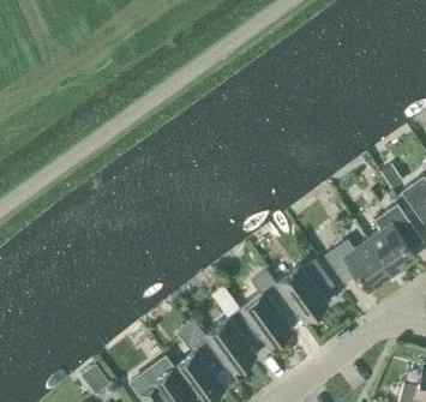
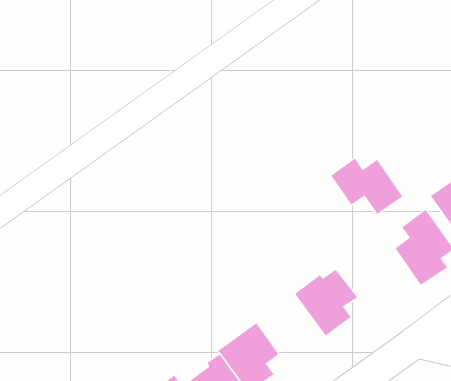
building: [324,239,391,292] -> [330,157,403,215]
building: [240,286,296,348] -> none

